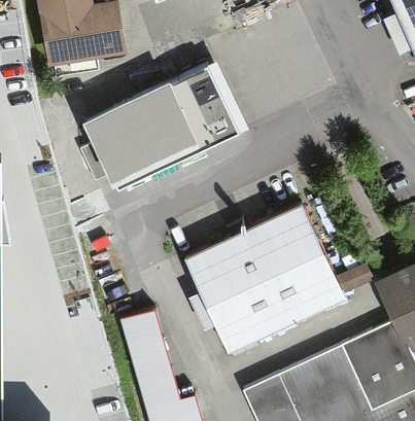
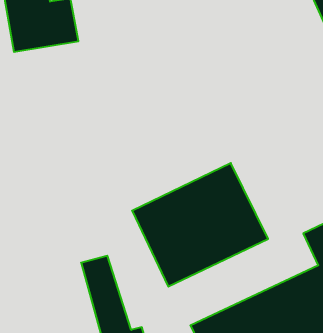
building: [85,62,241,184] -> none

